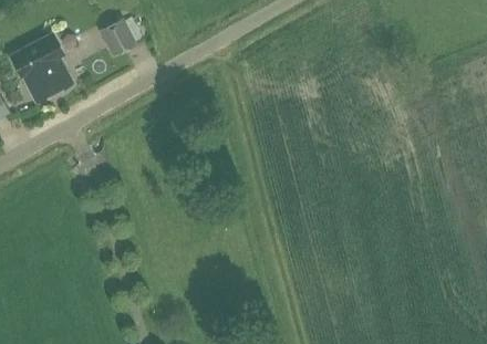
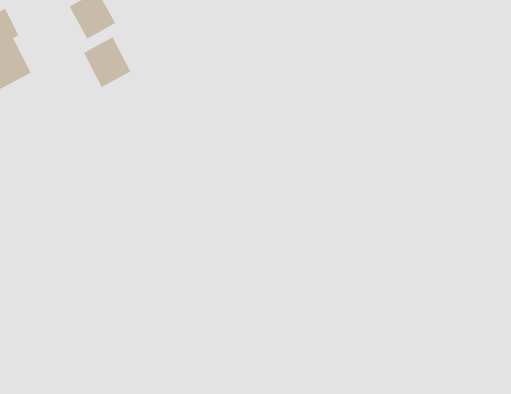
building: none -> [83,36,131,88]

